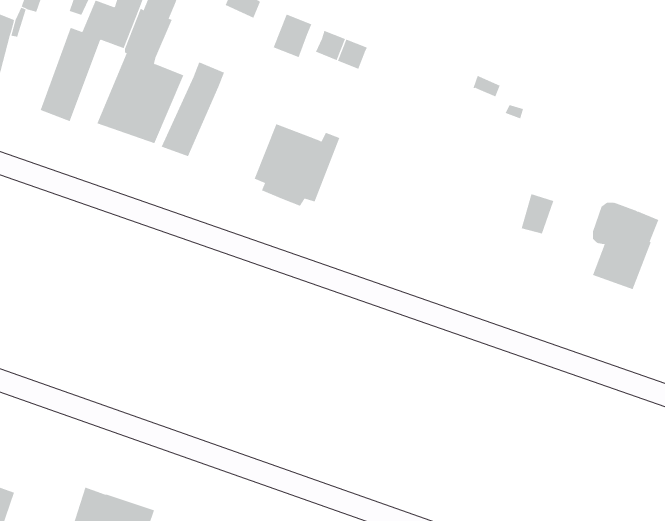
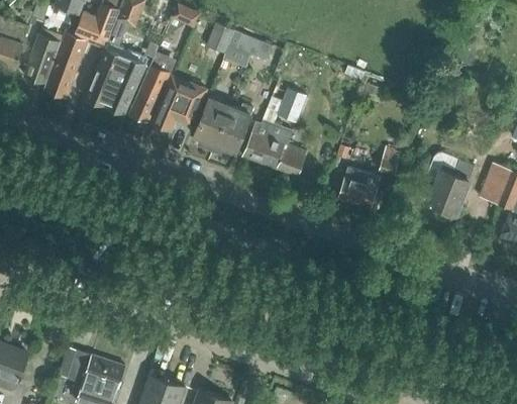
building: none -> [23,34,60,84]
building: none -> [150,77,190,131]
building: none -> [276,89,306,123]
building: none -> [241,121,306,177]
building: none -> [336,168,381,210]

